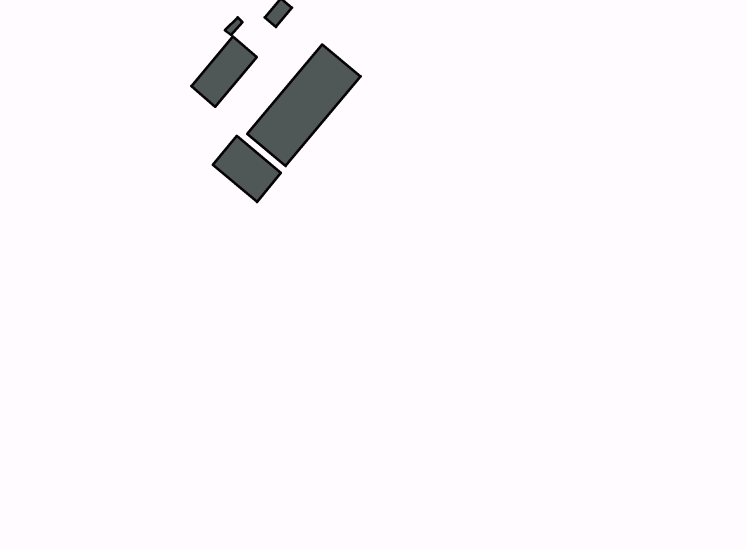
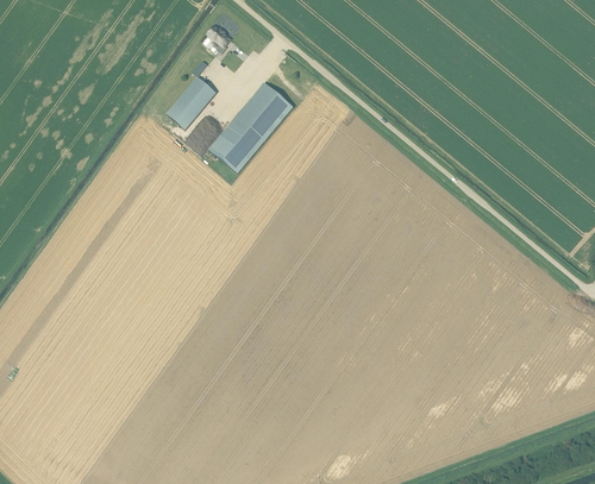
building: [213,136,281,202] -> none

